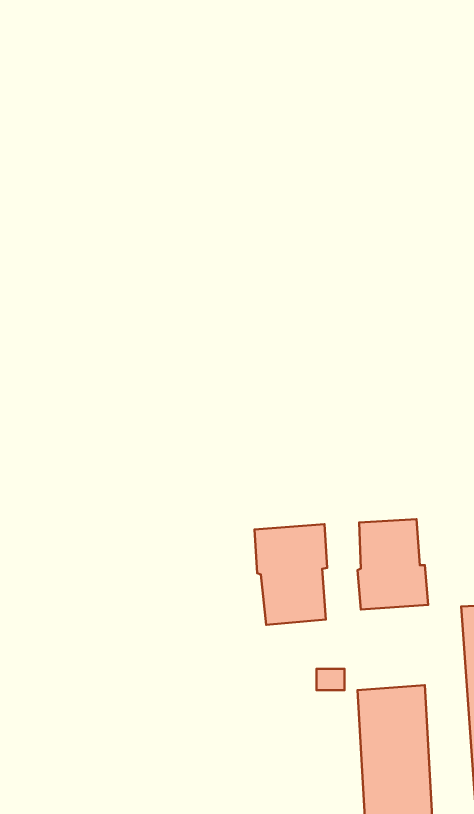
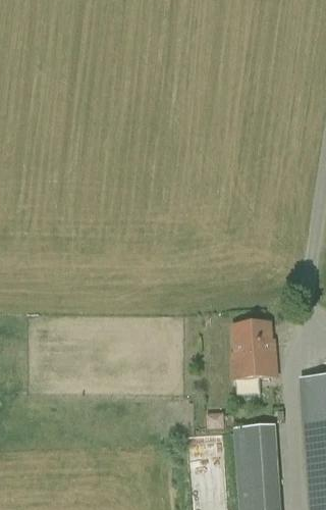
building: [254,524,327,625] -> none

